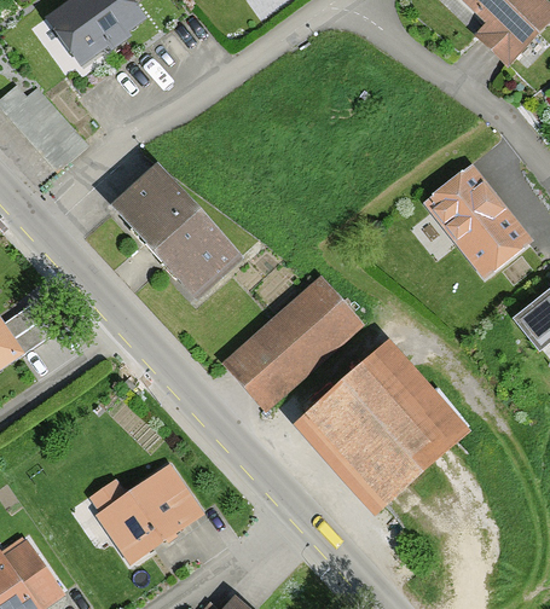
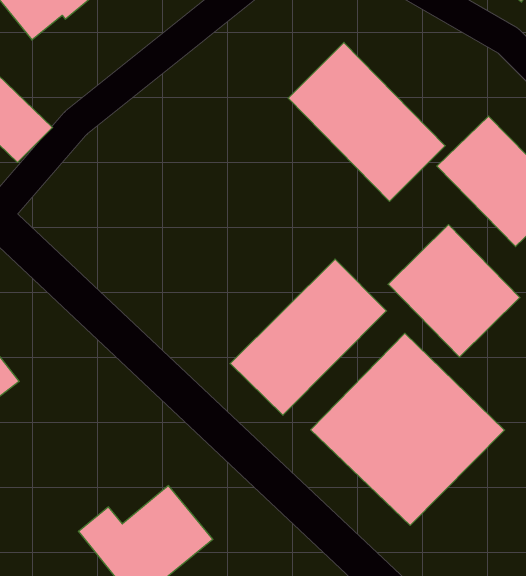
building: none -> [288,42,445,201]
building: [110,168,241,306] -> none
building: none -> [388,225,520,357]

